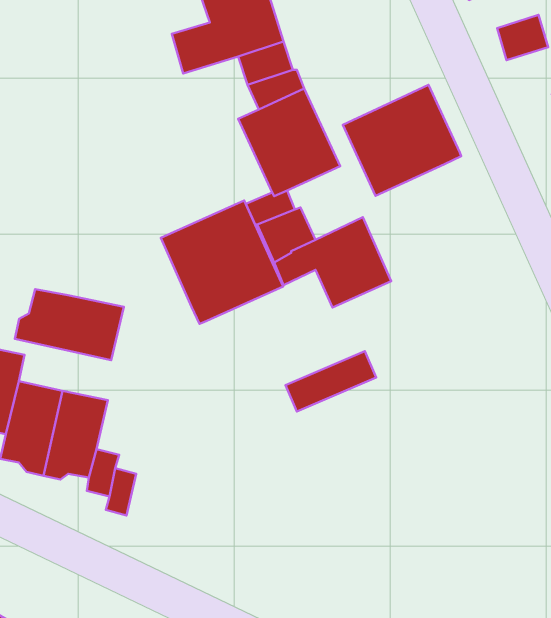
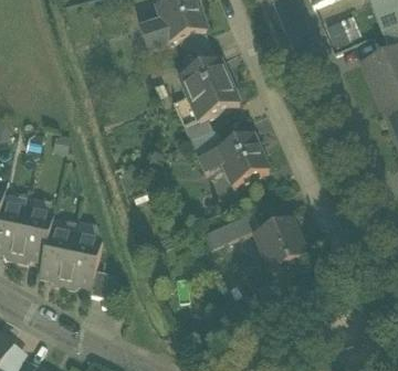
building: [343,85,461,196] -> none
building: [161,201,283,324] -> none
building: [15,289,124,360] -> none
building: none -> [254,219,306,273]

